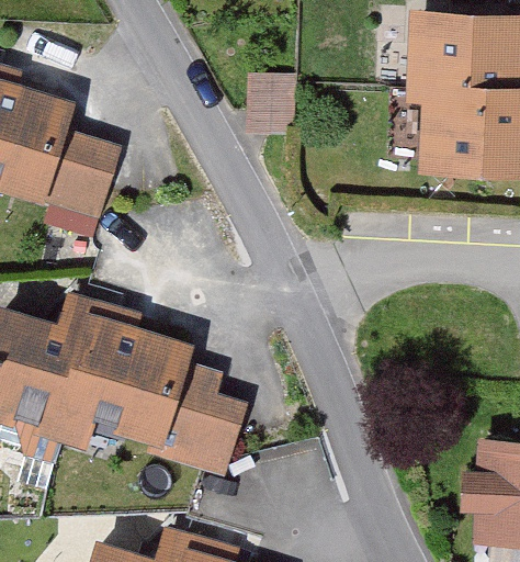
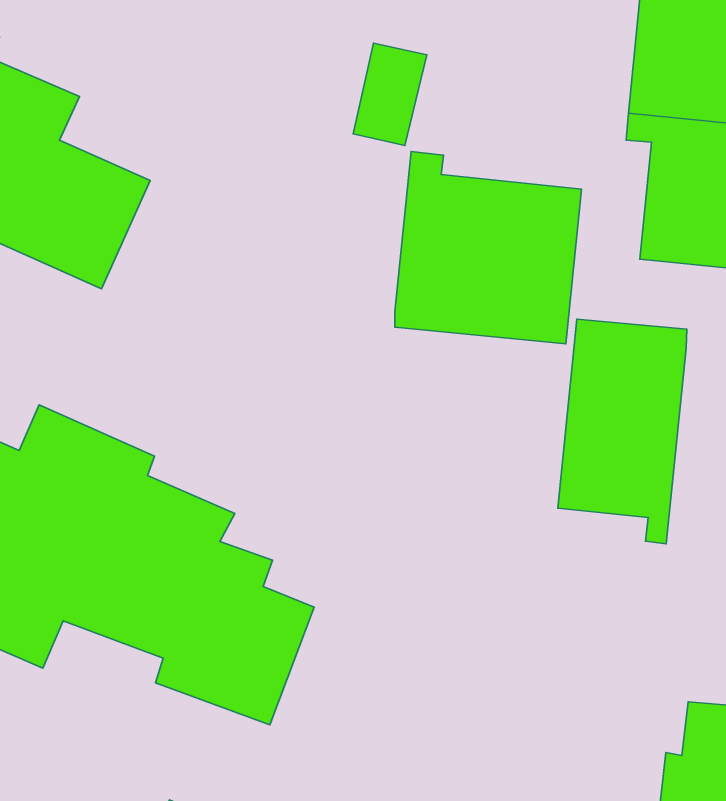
building: none -> [395,151,581,344]
building: none -> [558,319,687,544]

